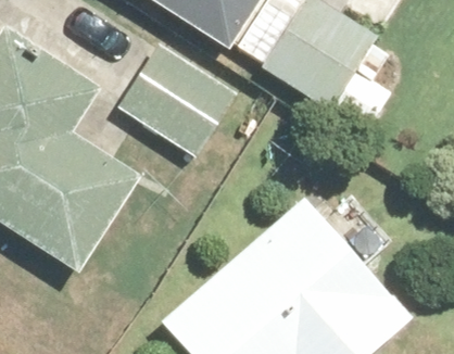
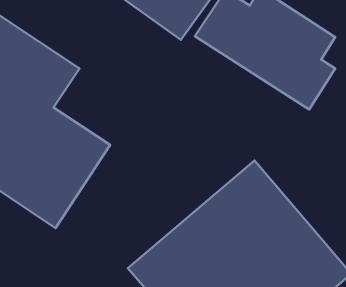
building: [121,39,243,159] -> none

